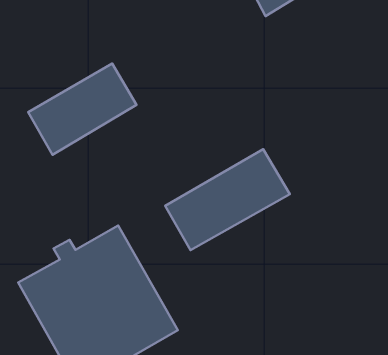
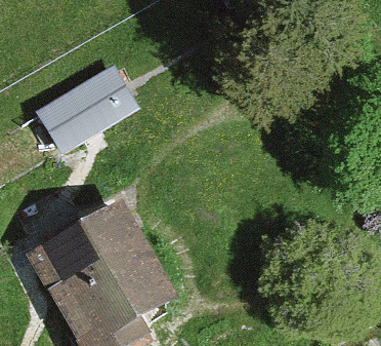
building: [165,149,290,250] -> none

